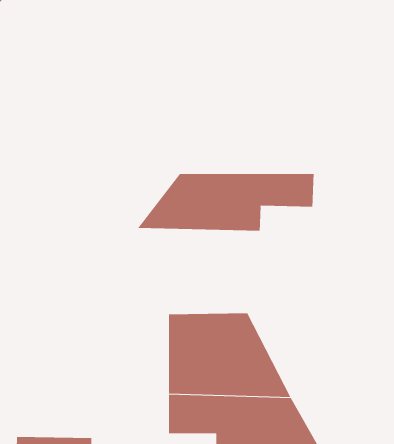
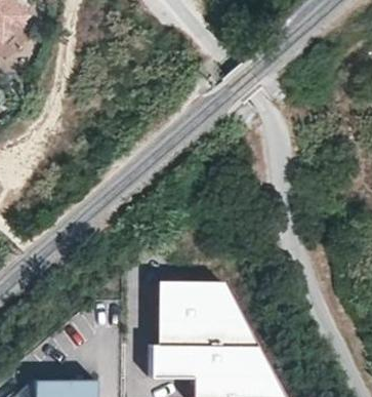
building: [137,173,314,232] -> none

